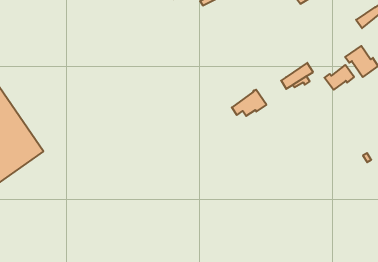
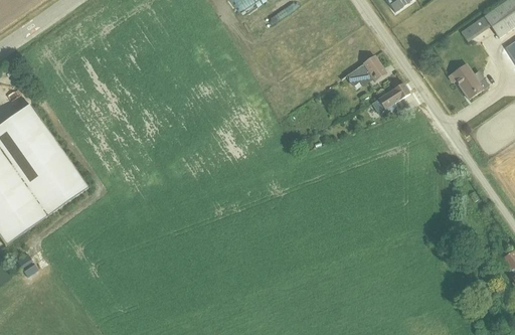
building: [324,65,354,90] -> none
building: [232,90,266,116] -> [345,54,386,86]

